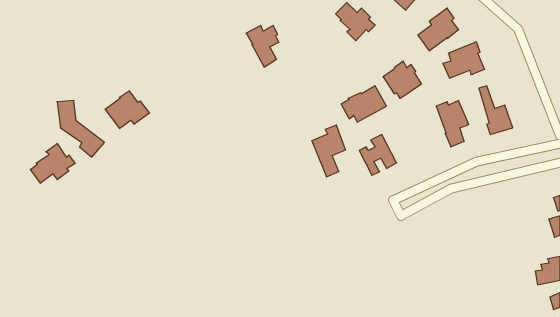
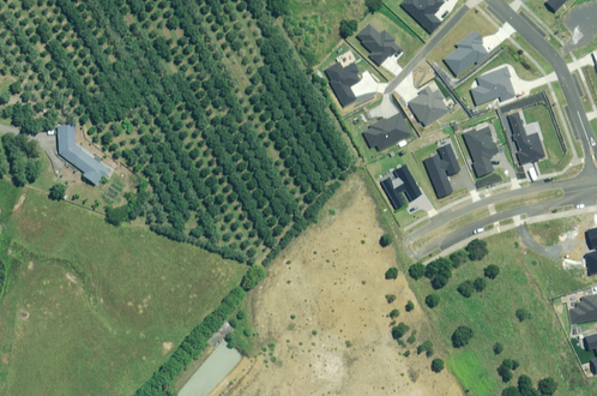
building: [246,25,279,67] -> [325,61,360,106]
building: [105,91,150,129] -> none
building: [312,125,346,177] -> [424,142,460,197]
building: [30,143,75,183] -> none

